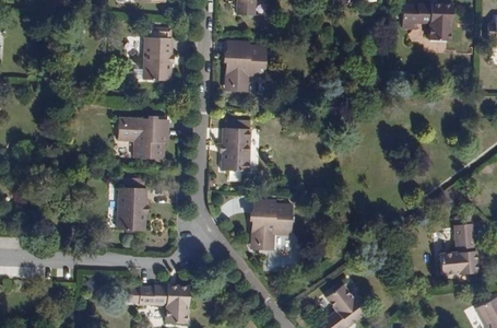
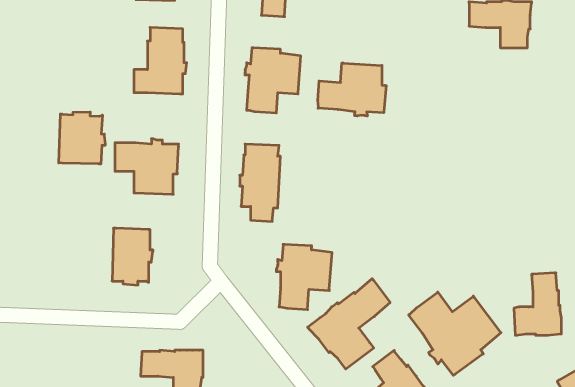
building: none -> [318,63,386,116]
building: none -> [59,112,105,164]
building: none -> [308,279,390,369]
building: none -> [409,292,501,375]

